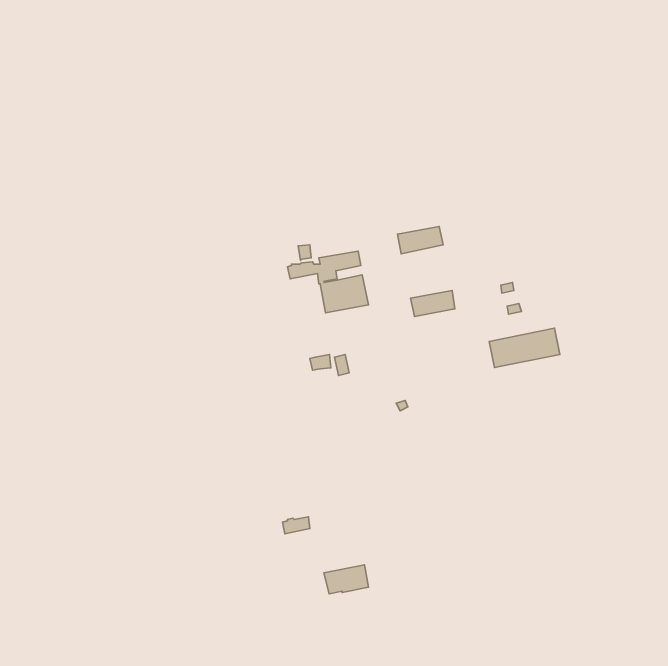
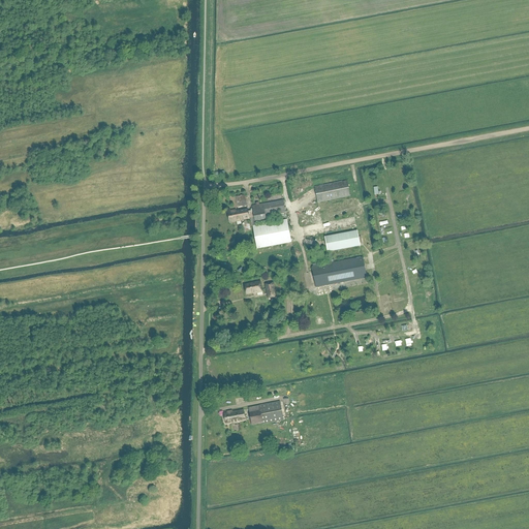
building: [489,328,560,368] -> [311,255,367,286]
building: [324,565,368,594] -> [248,400,283,423]

